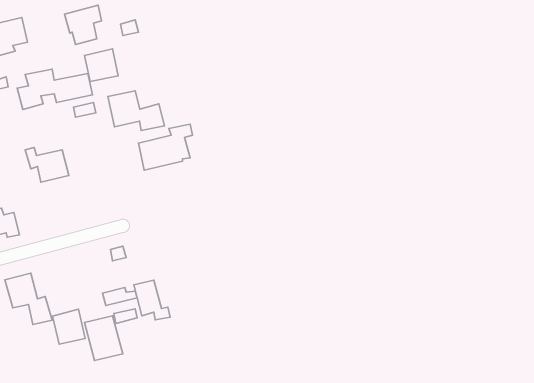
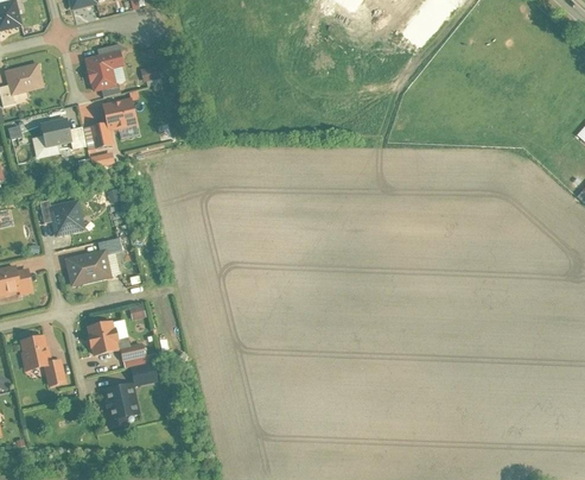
building: [108,91,164,131] -> none
building: [139,124,192,170] -> [66,238,123,286]
building: [134,280,170,320] -> none
building: [53,309,85,344] -> [87,318,121,355]

